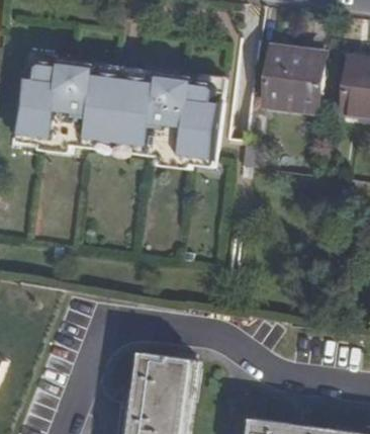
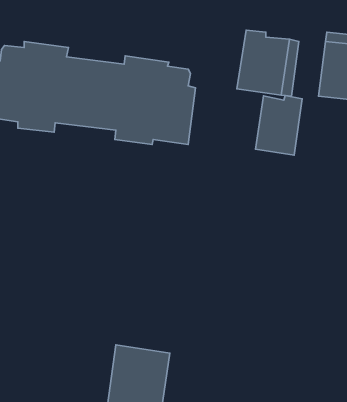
building: none -> [255,95,302,155]

